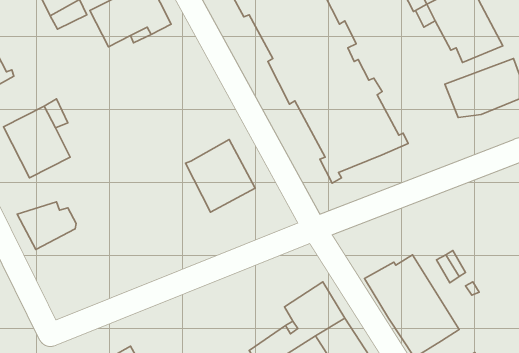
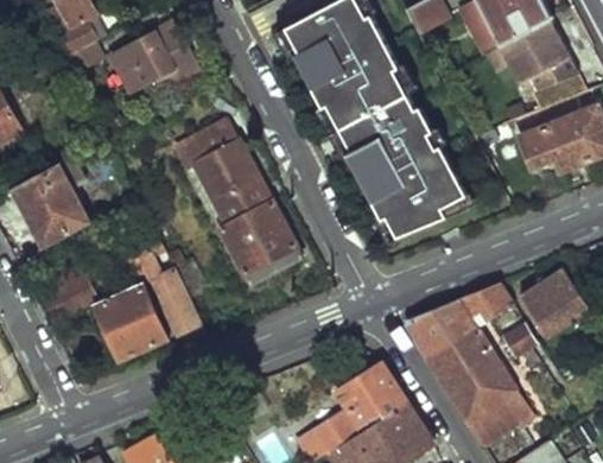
building: none -> [186,125,271,223]
building: none -> [129,242,202,332]
building: none -> [522,269,586,335]
building: none -> [404,281,515,357]
building: none -> [96,285,167,359]

